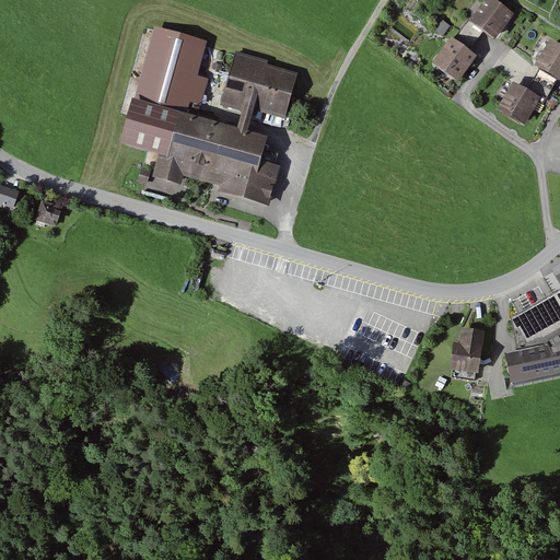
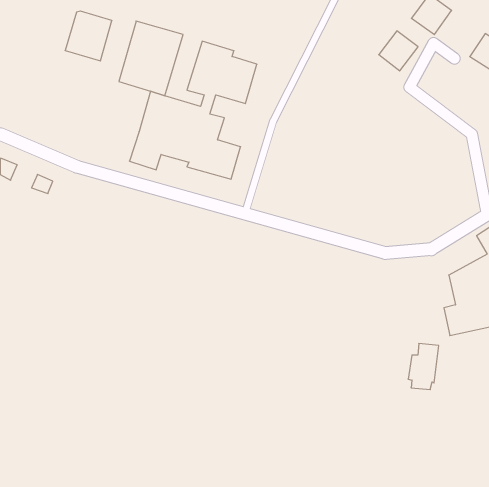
building: [499,81,541,125] -> none
building: [119,93,173,150] -> [65,11,112,61]
building: [451,325,486,377] -> [408,344,439,390]

